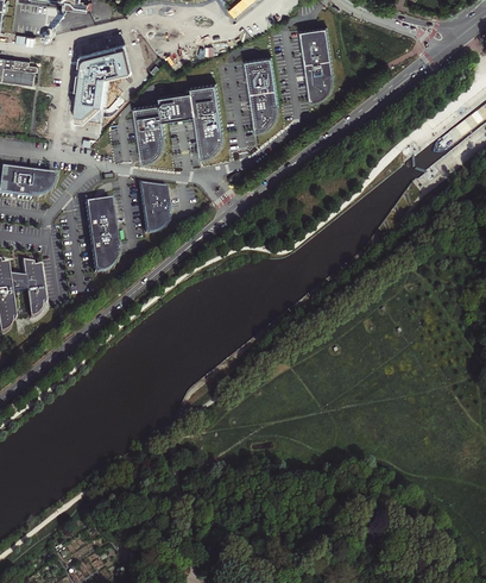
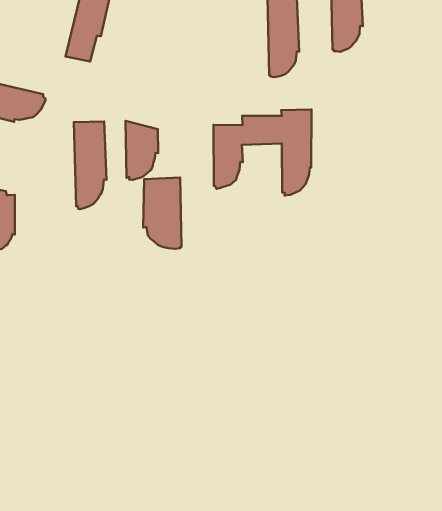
building: [131,84,222,164] -> [213,109,312,195]
building: none -> [143,178,181,249]

